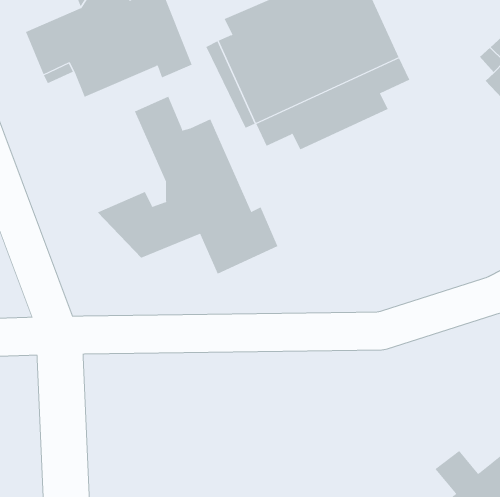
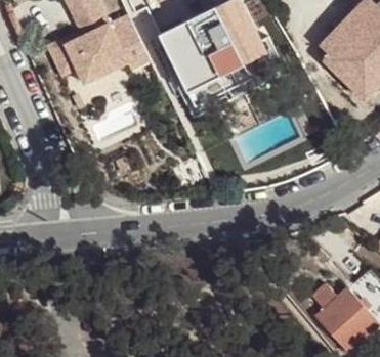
building: [97,96,278,274] -> none

